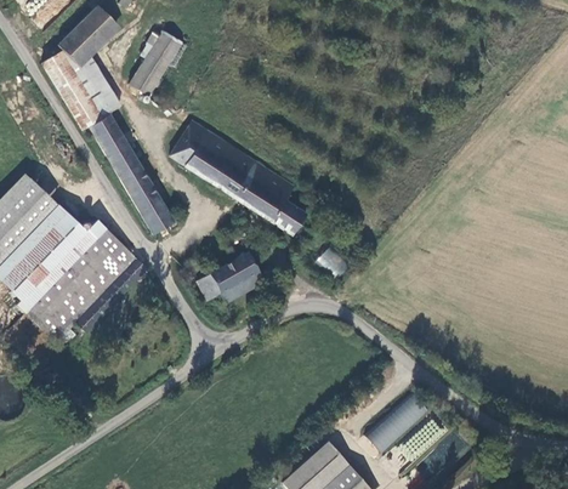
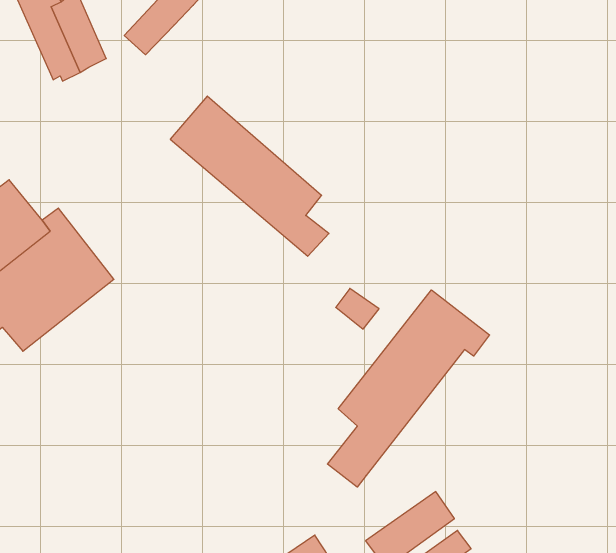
building: [87,112,172,232] -> none
building: none -> [327,290,490,487]
building: [208,250,263,302] -> none

